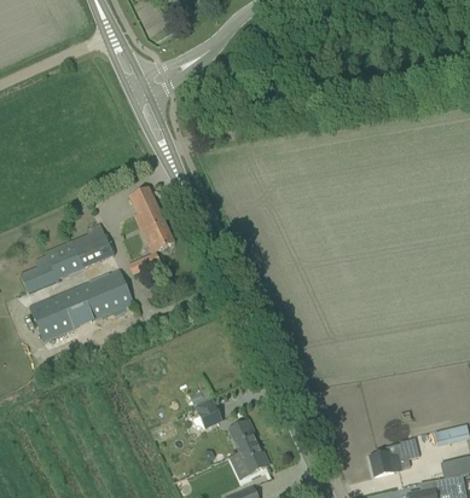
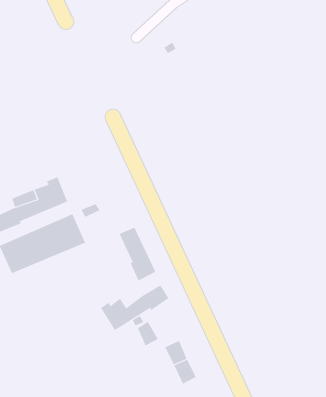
building: [129,186,174,251] -> [119,227,156,281]
building: none -> [100,285,169,331]
building: [370,439,410,475] -> none

